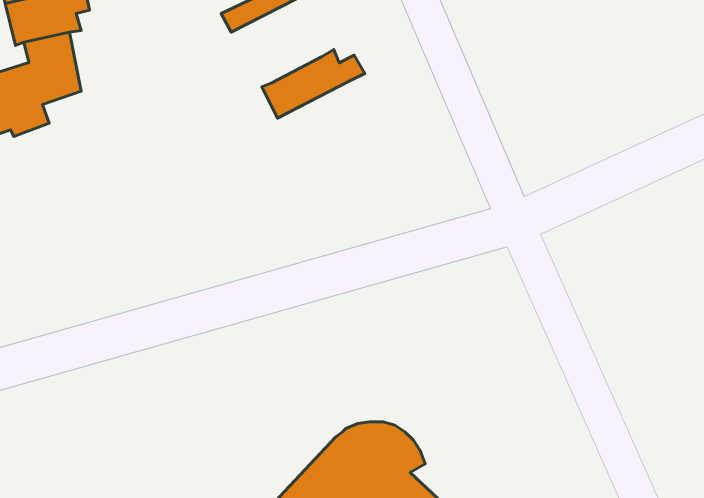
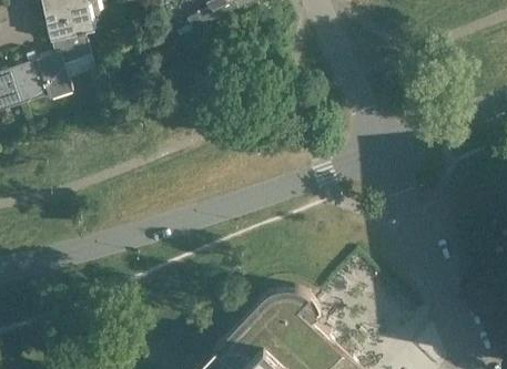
building: [262,49,365,118] -> none

